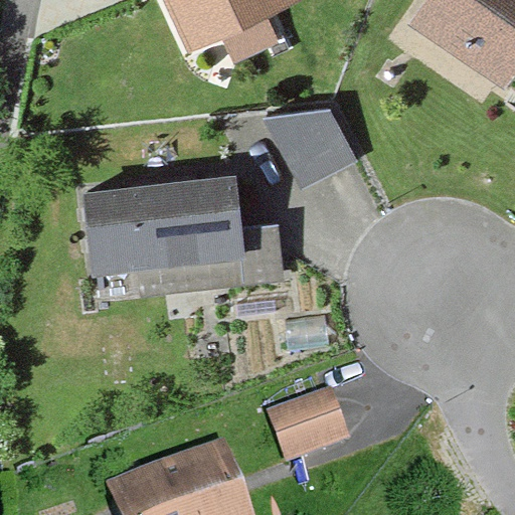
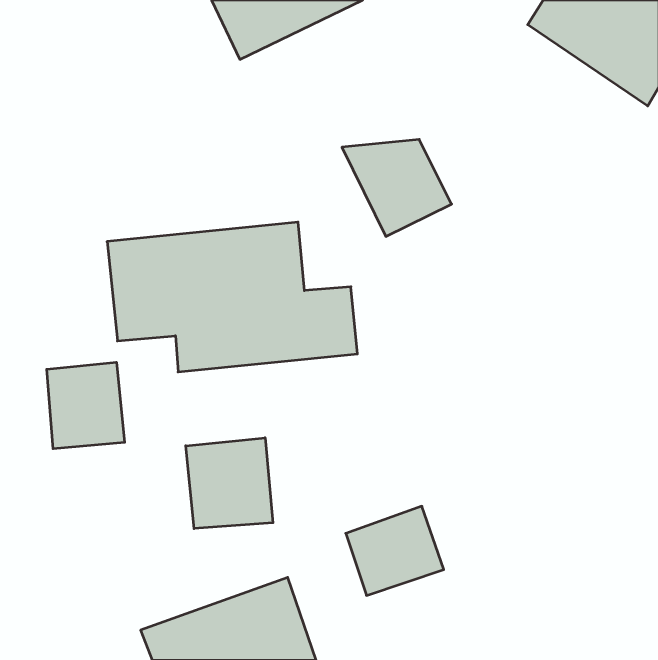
building: none -> [47,362,125,449]
building: none -> [186,438,273,529]

